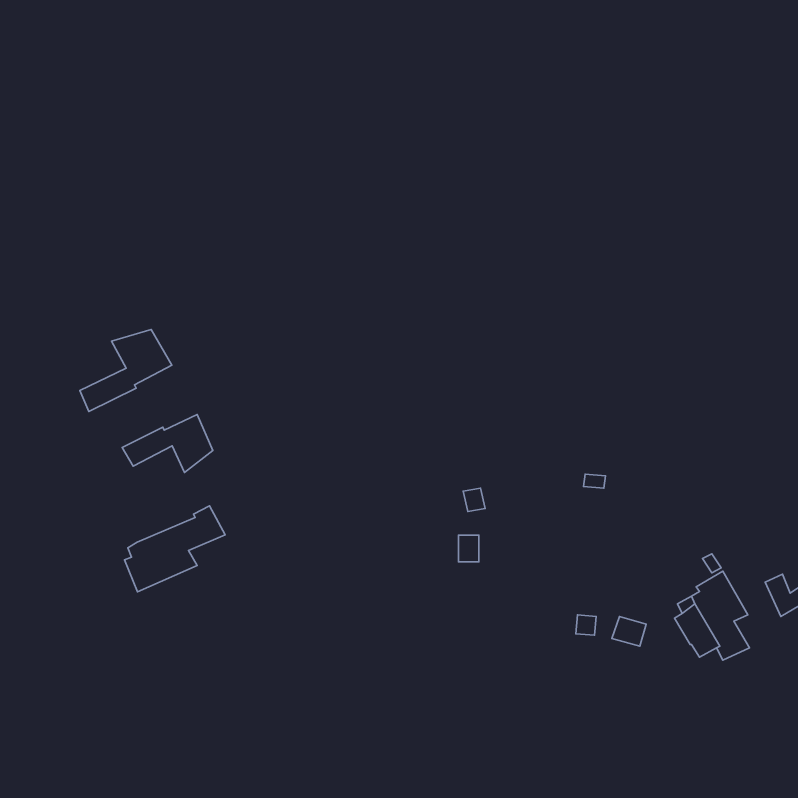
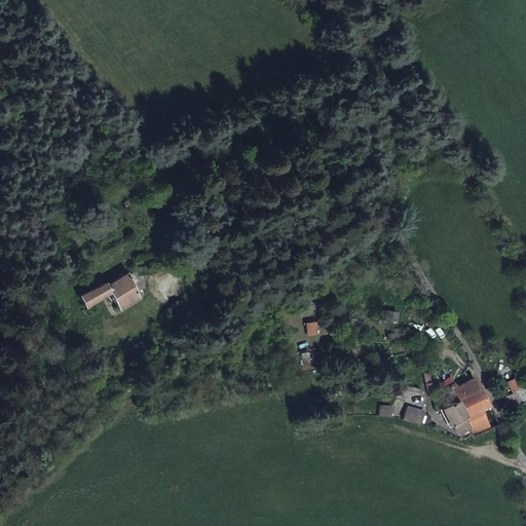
building: [80,329,172,412] -> none
building: [125,506,225,592] -> none

